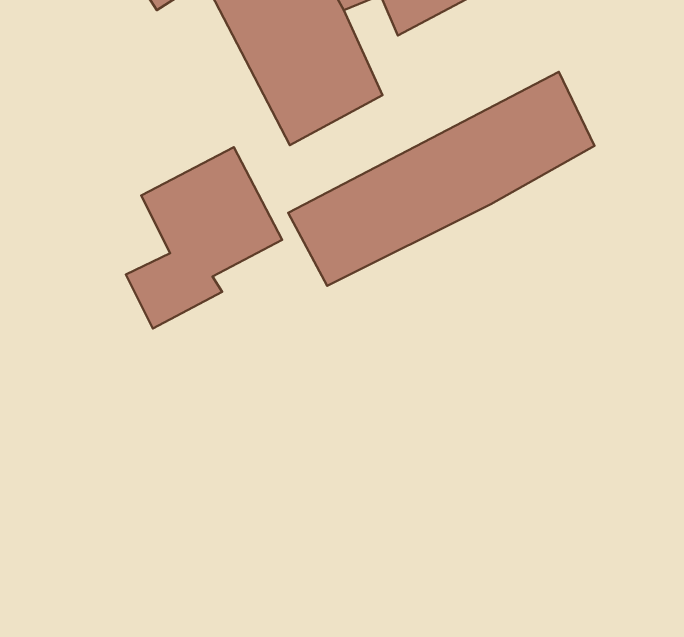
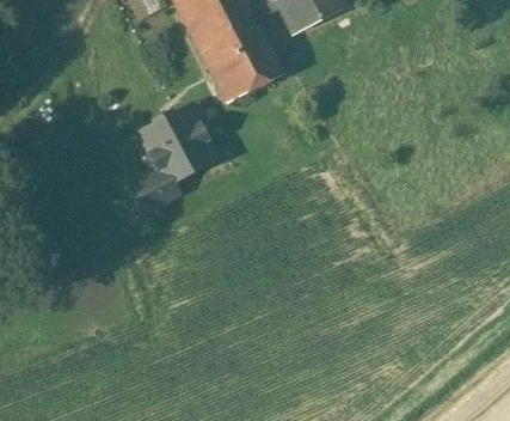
building: [288,72,594,286] -> none

